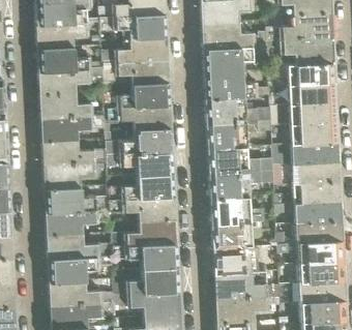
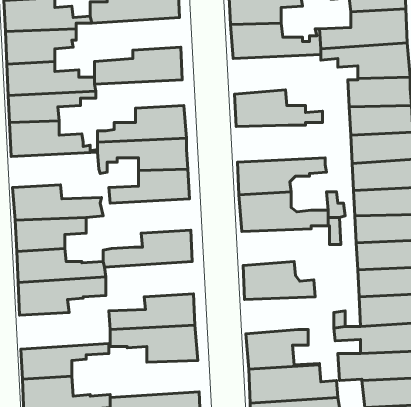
building: [101,18,167,41] -> none
building: [205,44,269,73] -> none
building: [104,63,169,84] -> none
building: [207,96,272,123] -> none
building: [42,116,107,142] -> none
building: [108,150,174,175] -> none
building: [211,172,263,199] -> none
building: [111,196,176,221] -> none
building: [213,221,266,248] -> none
building: [49,233,114,260] -> none
building: [115,268,180,295] -> none

